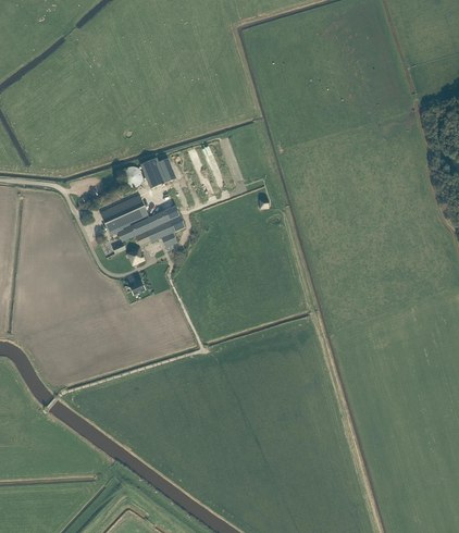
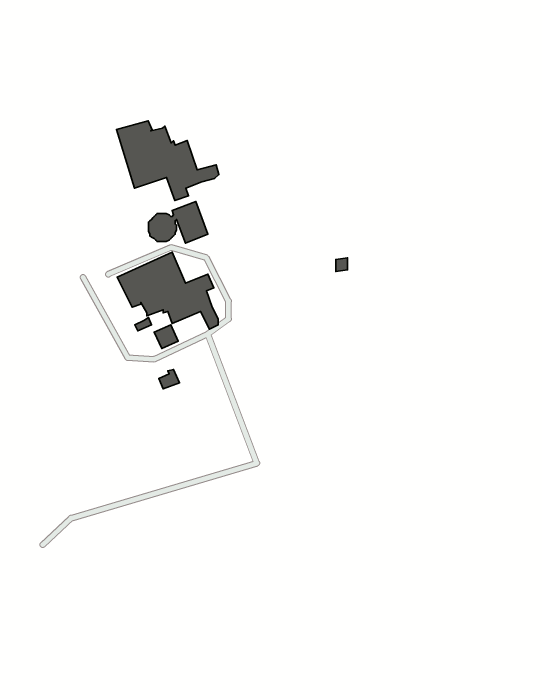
building: none -> [116,121,219,200]

